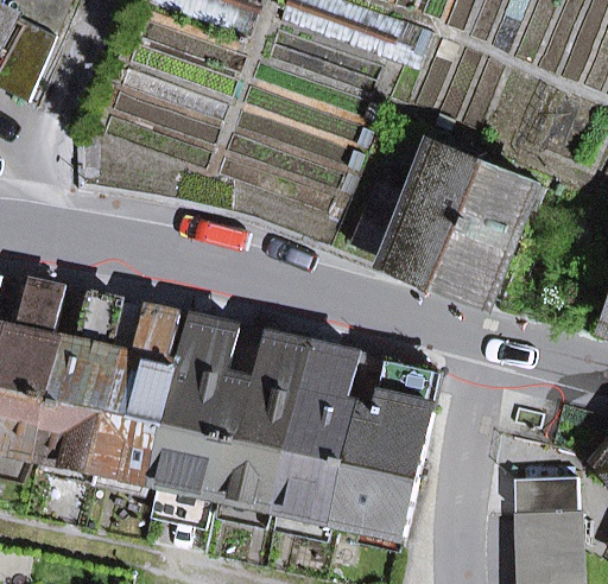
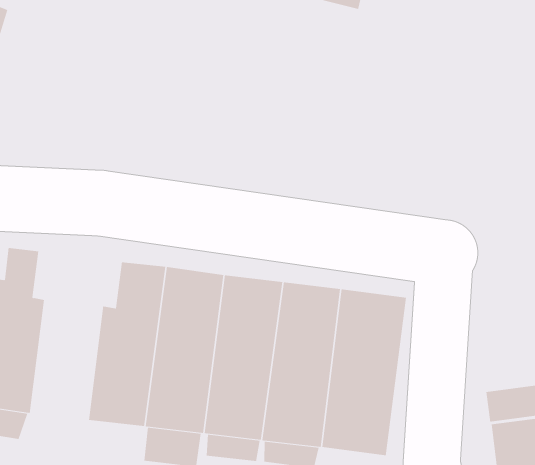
building: [352,144,530,297] -> none
building: [37,294,122,469] -> none

